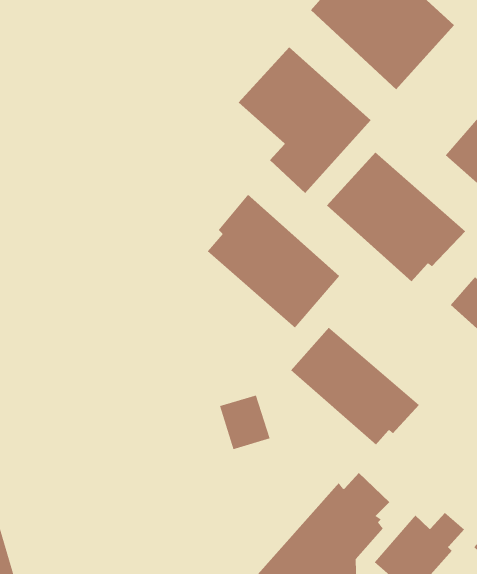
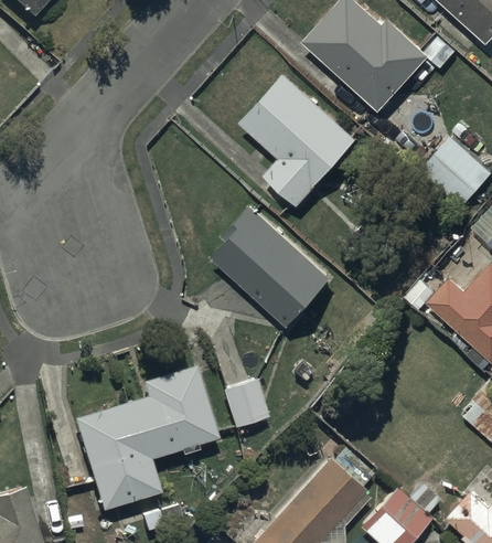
building: [326,151,466,282] -> none
building: [290,327,420,445] -> none
building: none -> [74,366,217,513]

